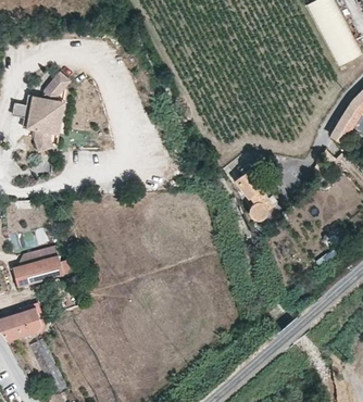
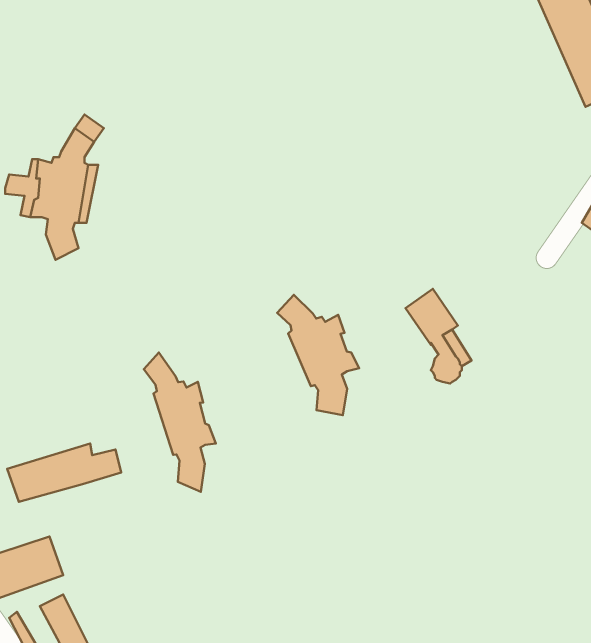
building: none -> [277,295,359,415]
building: none -> [144,353,216,492]

